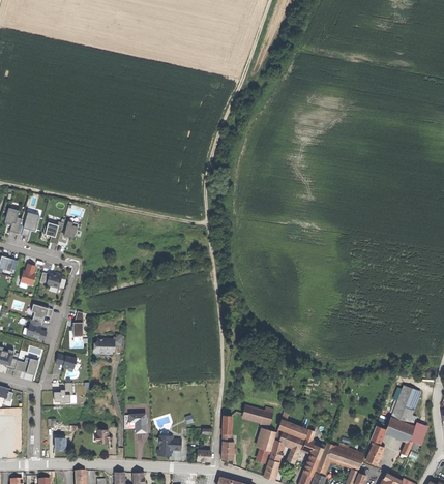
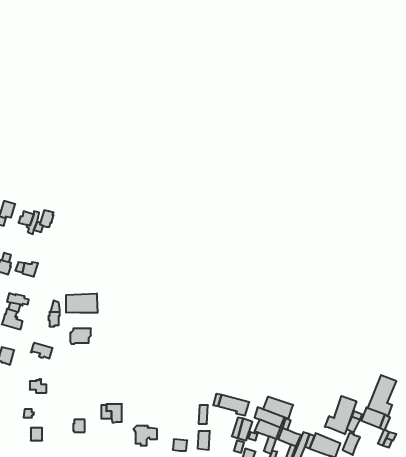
building: none -> [66,293,98,313]
building: none -> [325,396,356,434]
building: none -> [263,397,293,419]

